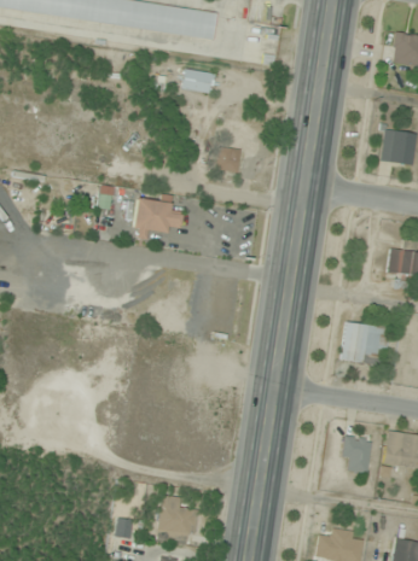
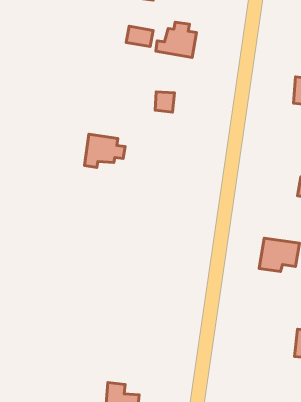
building: none -> [156,22,196,57]
building: [343,434,372,471] -> none

